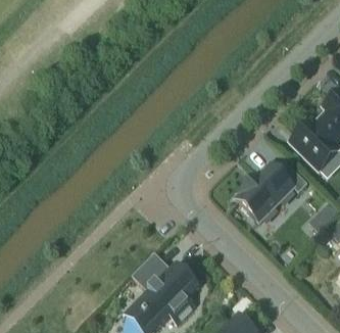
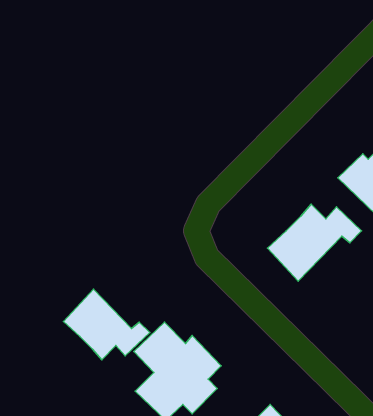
building: none -> [63,289,150,360]

